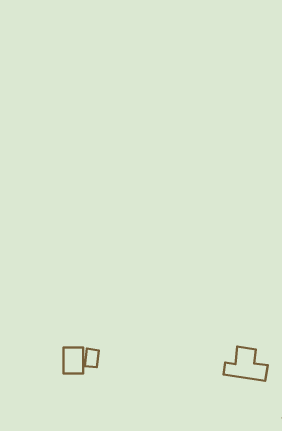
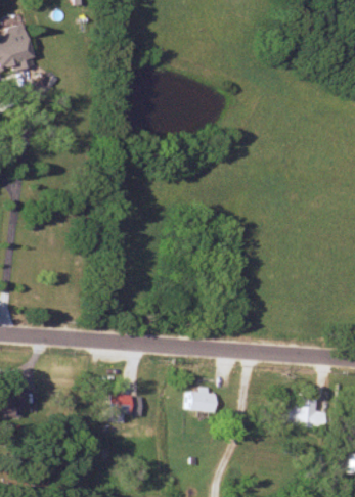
building: none -> [188,388,218,411]

